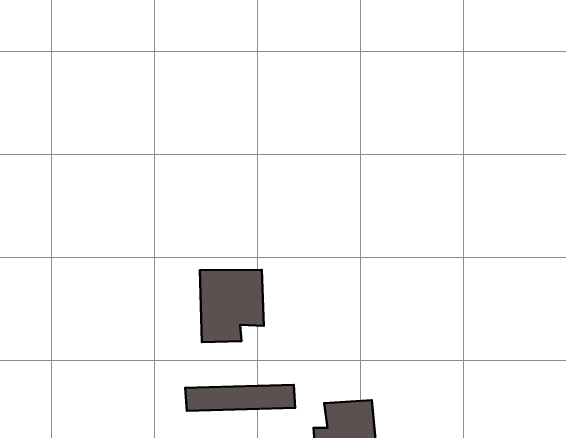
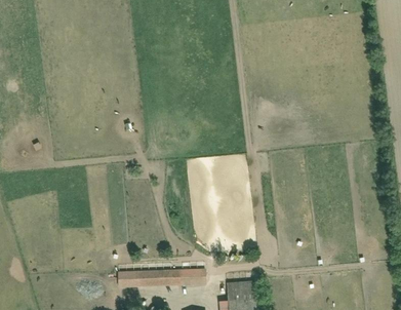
building: [200,270,264,342] -> none

